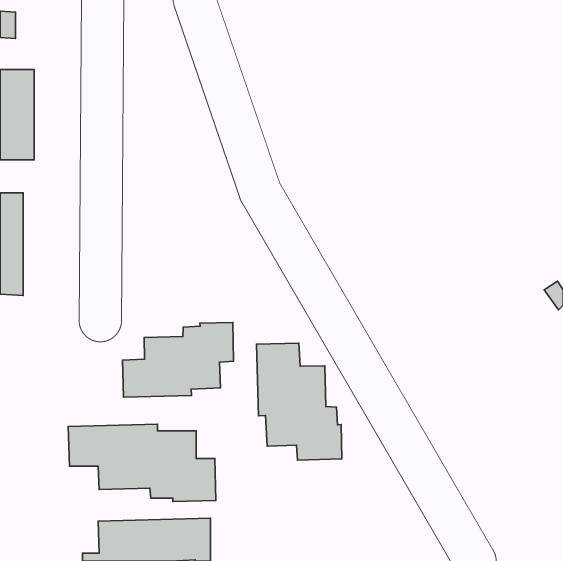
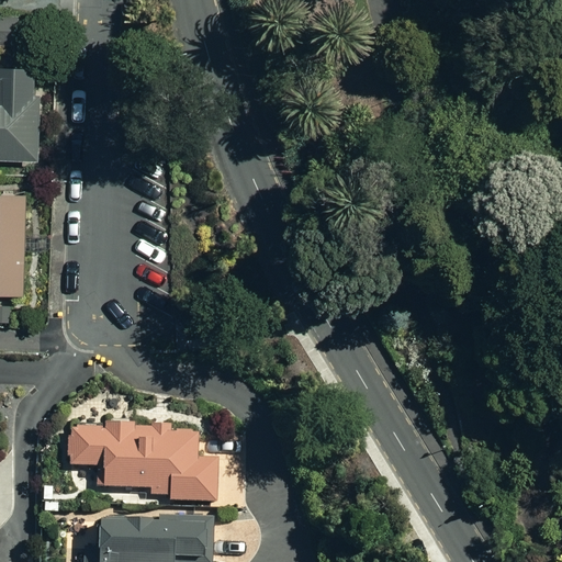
building: [123,322,234,397] -> none
building: [257,343,342,460] -> none

